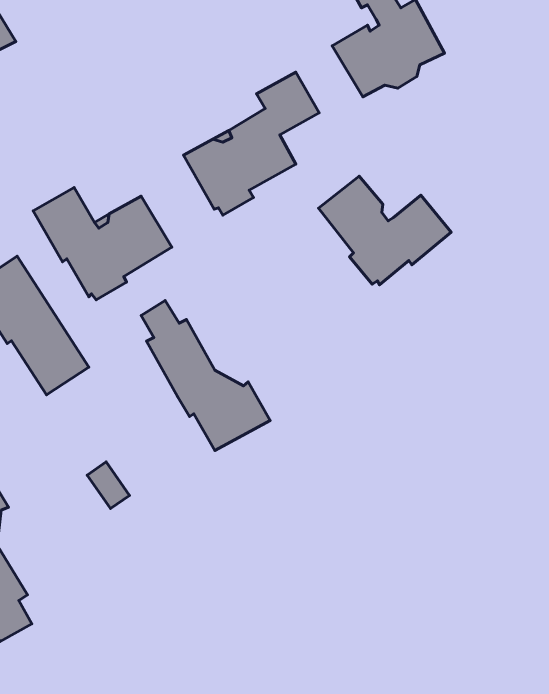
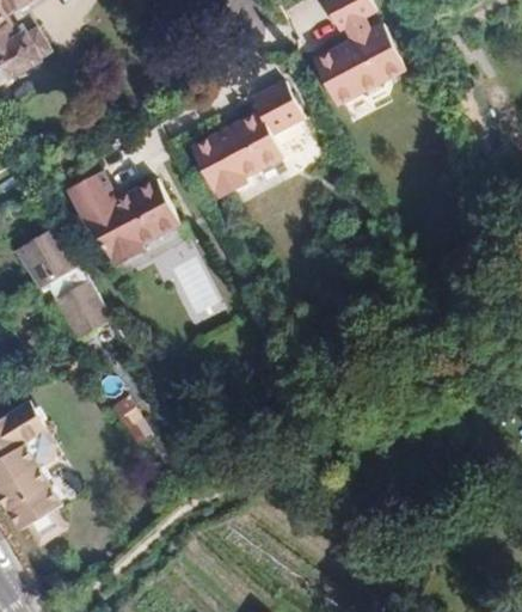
building: [318,176,451,285] -> none
building: [141,300,270,450] -> none

